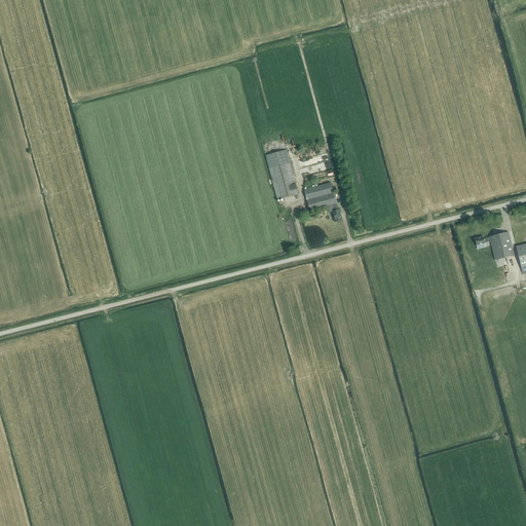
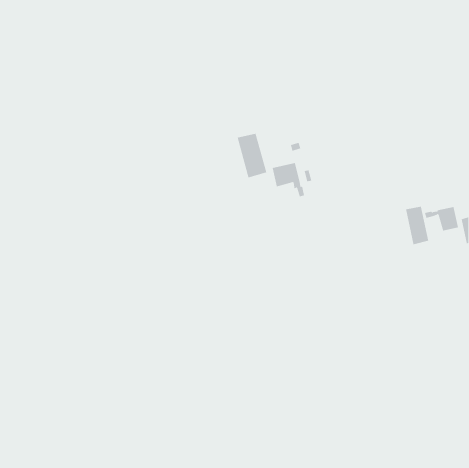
building: none -> [405,206,429,245]

